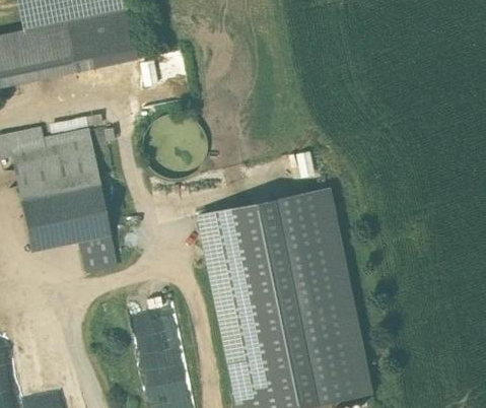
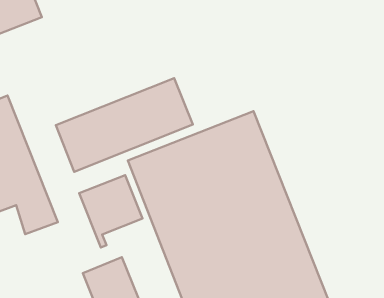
building: none -> [56,78,193,172]
building: none -> [79,175,142,247]

